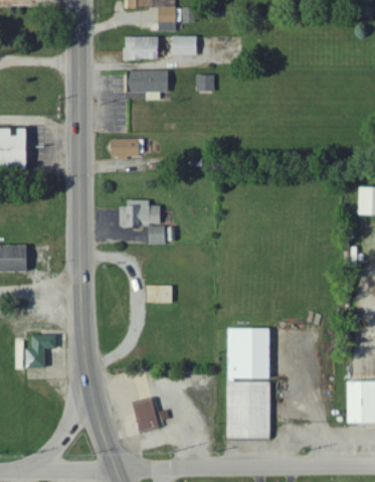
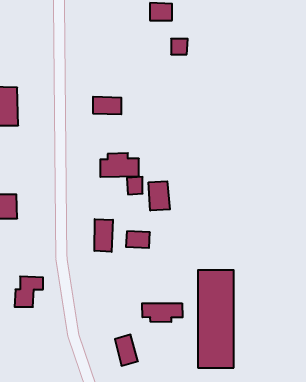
building: [124,36,160,58] -> none
building: [127,70,169,100] -> none
building: none -> [149,181,170,211]
building: none -> [94,219,113,252]
building: none -> [142,303,183,322]

